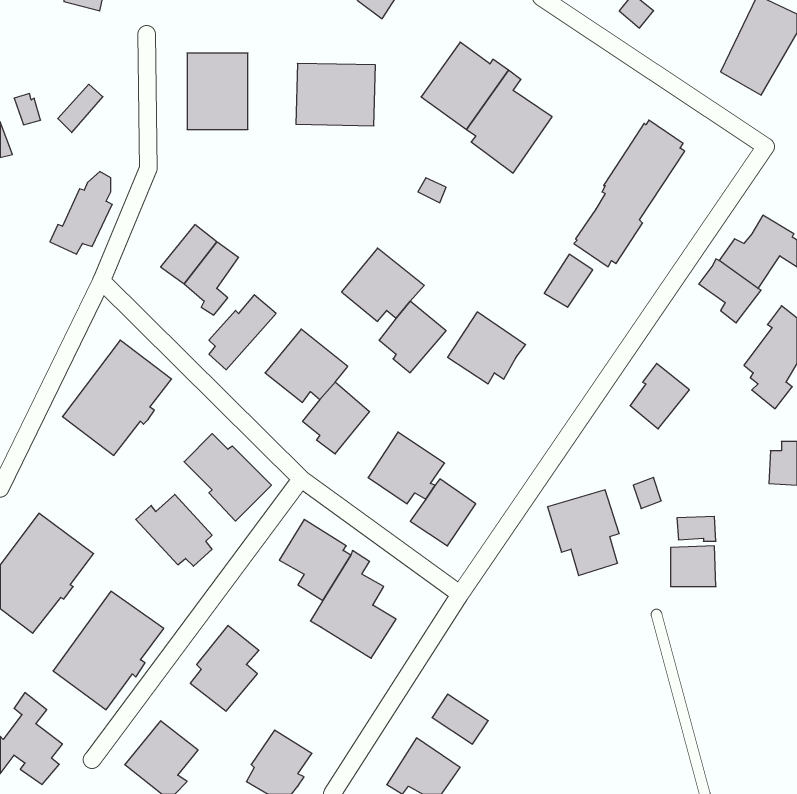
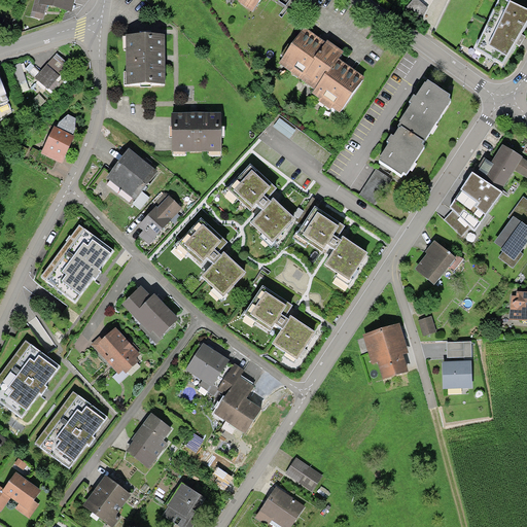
building: [296,63,375,126] -> [170,111,222,152]
building: none -> [445,187,486,235]
building: none -> [323,236,368,286]

